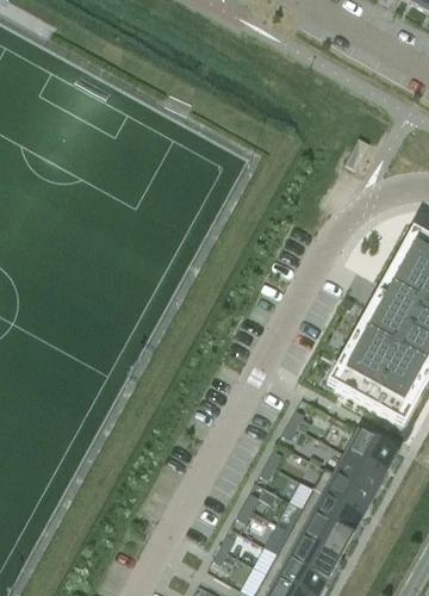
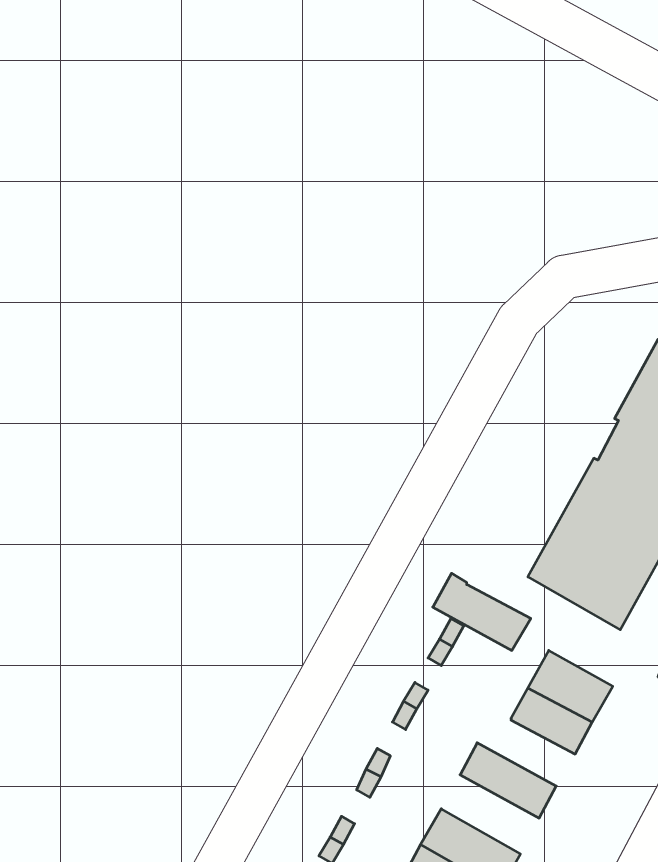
building: [311,465,373,514] -> [433,573,531,650]
building: [288,507,350,557] -> none

